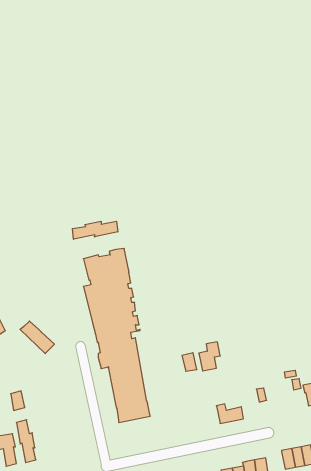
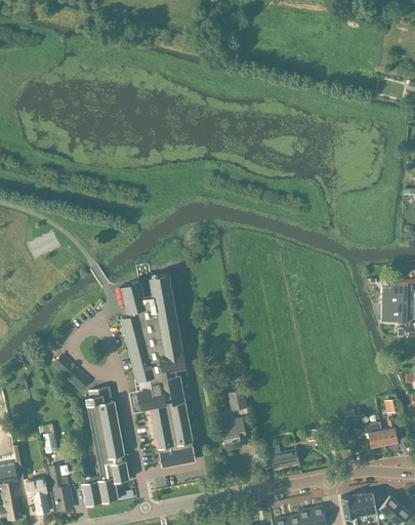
building: [72,221,118,239] -> none
building: [199,342,220,371] -> [222,419,246,451]
building: none -> [83,388,129,506]

